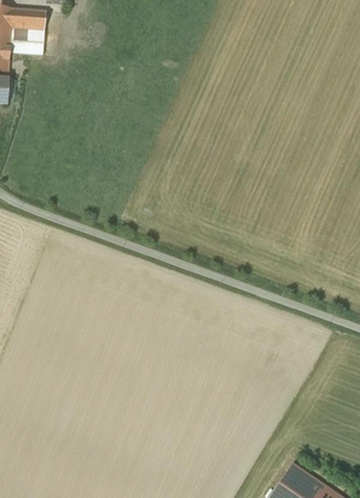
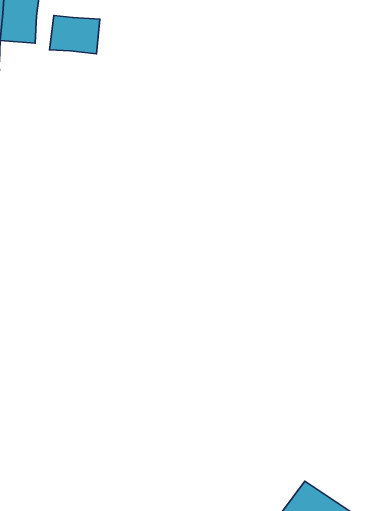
building: none -> [49,16,100,54]

